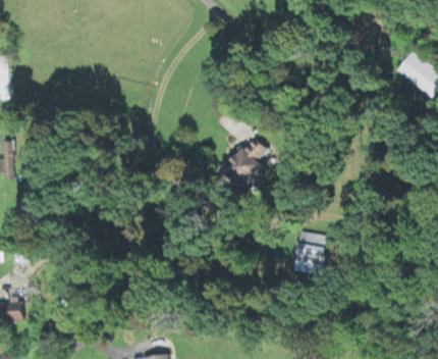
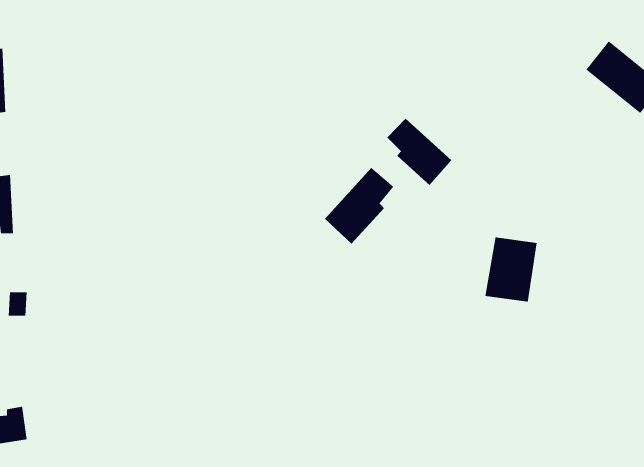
building: none -> [387,118,452,186]
building: [292,232,328,275] -> [484,237,538,302]

